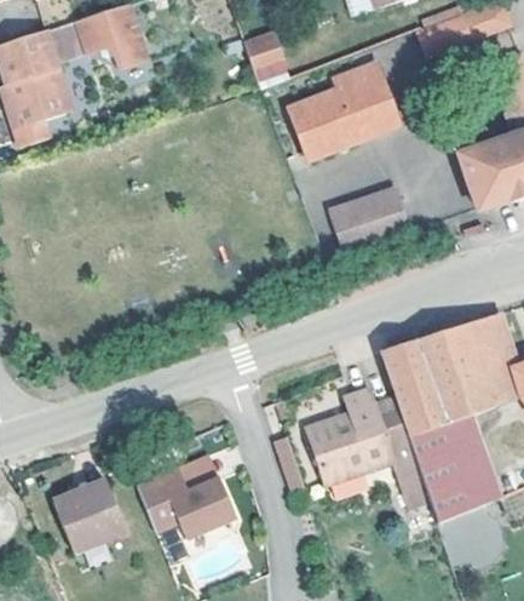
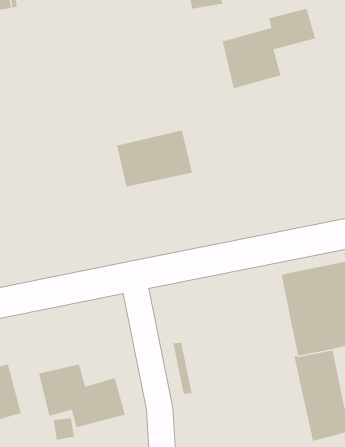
building: [346,97,398,141] -> none
building: [326,188,410,257] -> [116,129,193,188]
building: [307,390,420,485] -> none

